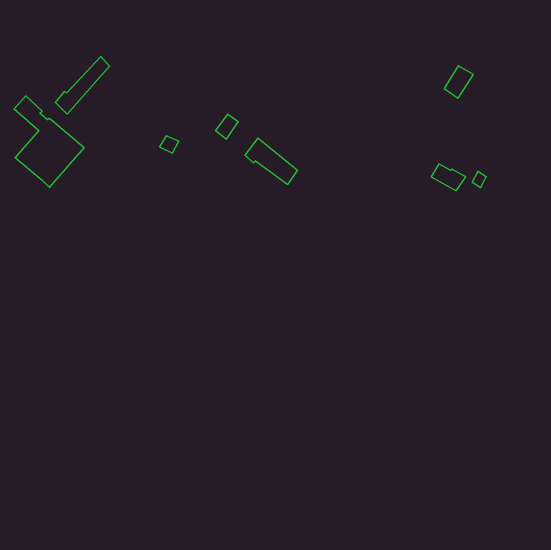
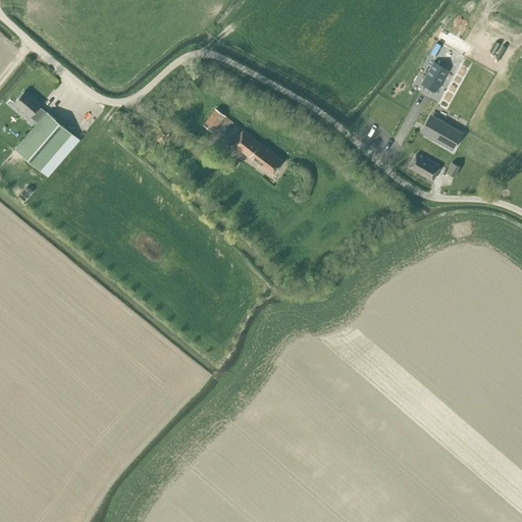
building: [55,56,110,114] -> none
building: none -> [429,120,463,151]

